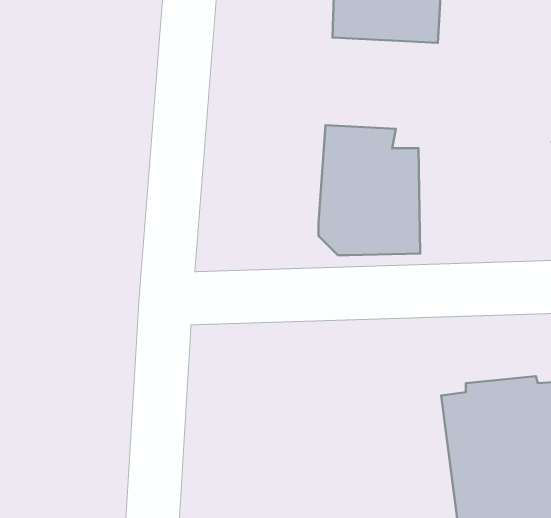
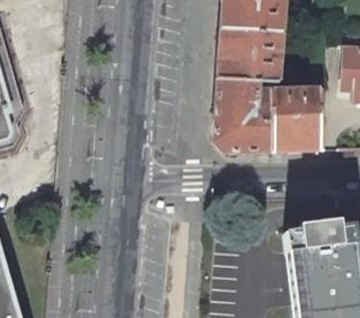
building: none -> [218,26,282,80]
building: none -> [271,87,322,149]

